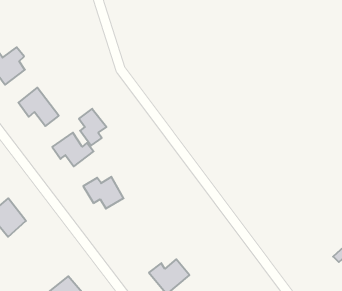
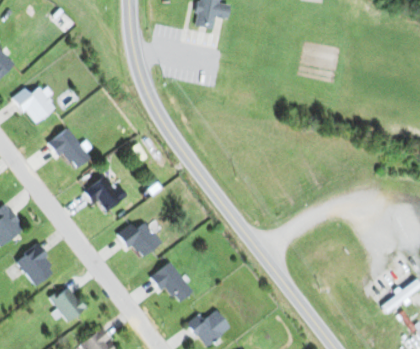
building: [79,109,106,146] -> none
building: none -> [150,261,191,302]
building: none -> [50,285,85,321]

